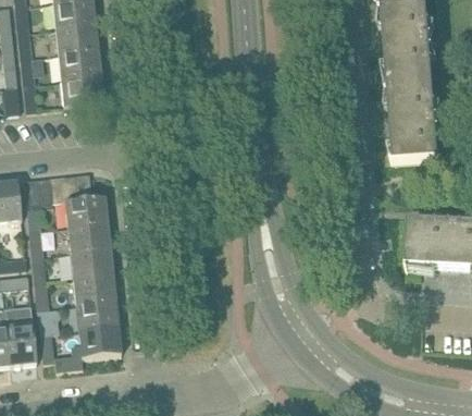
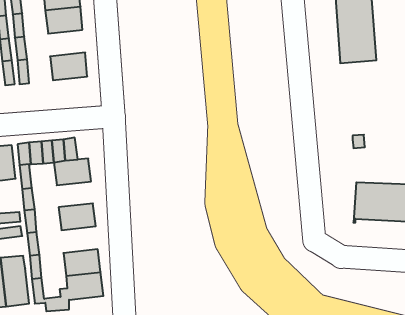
building: [58,49,100,79] -> none
building: [390,84,437,162] -> none
building: [67,222,109,252] -> none
building: [73,273,114,304] -> none

